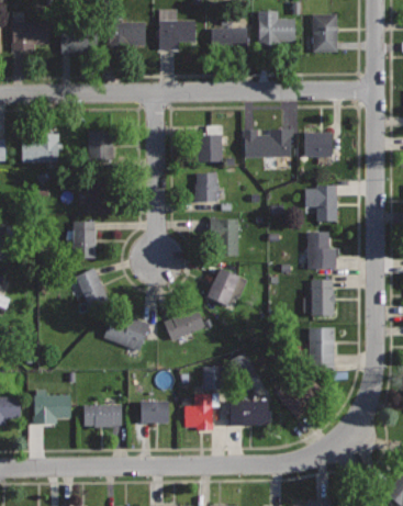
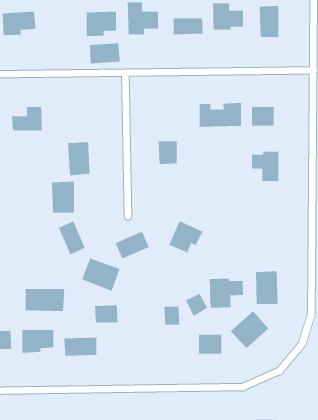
building: [59,29,97,54] -> [89,43,121,64]
building: [87,132,113,164] -> none
building: [192,135,221,162] -> none
building: [208,220,239,256] -> none
building: [310,233,336,269] -> none
building: [311,280,334,315] -> none
building: [163,306,204,340] -> [114,231,150,260]
building: none -> [209,278,244,308]
building: none -> [25,288,65,312]
building: [184,393,220,430] -> none
building: [139,401,168,423] -> [94,304,119,323]

